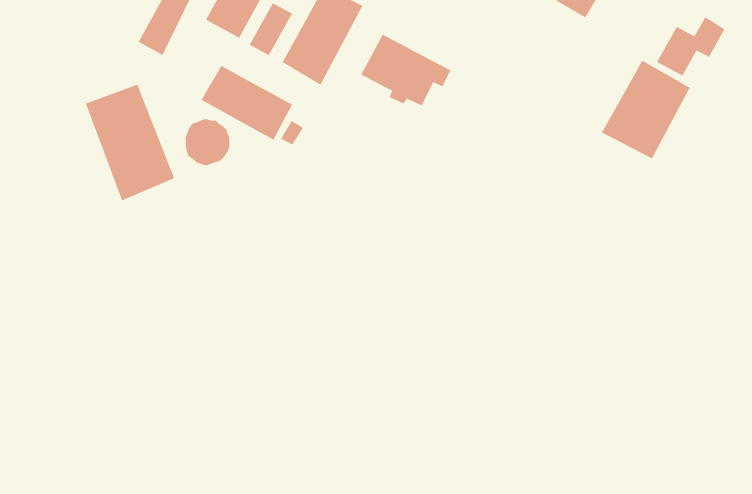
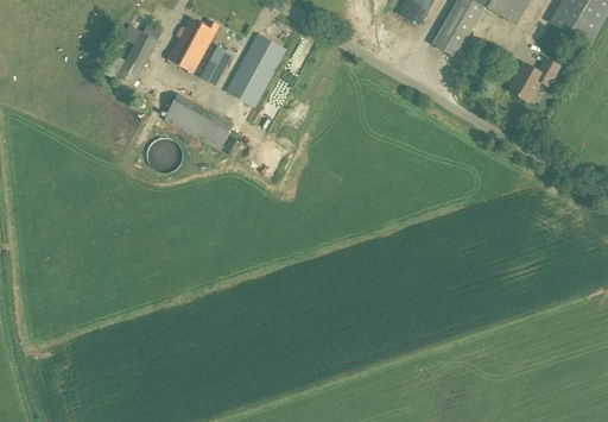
building: [361,34,451,106] -> none
building: [601,60,691,159] -> none
building: [85,84,175,201] -> none

